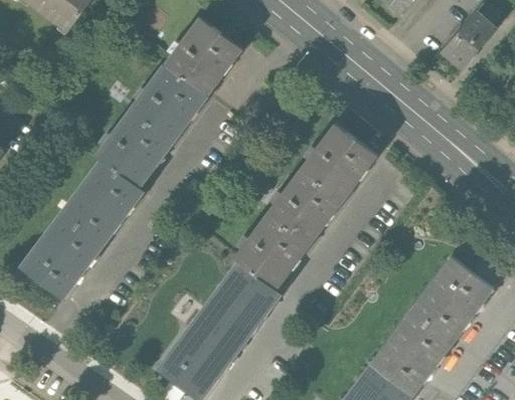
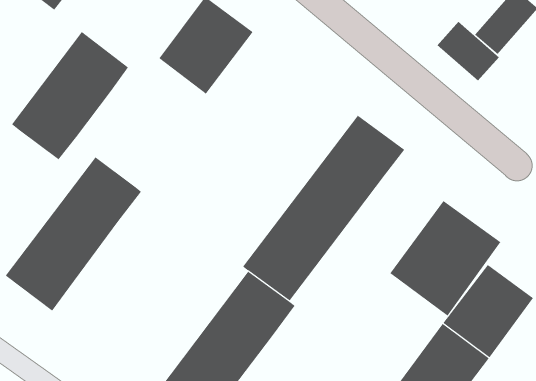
building: none -> [437,21,500,82]
building: [96,73,200,188] -> [11,31,129,160]
building: none -> [389,200,501,316]

